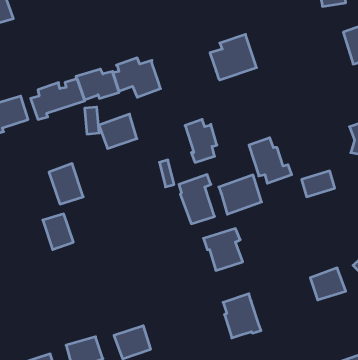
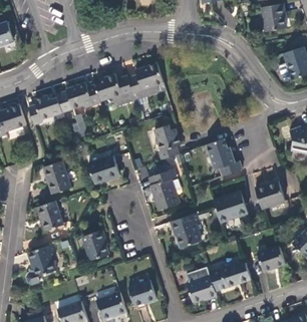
building: [210,34,257,80] -> [127,63,166,100]
building: [99,114,137,148] -> [88,155,119,184]
building: [219,175,262,214] -> [213,192,248,224]
building: none -> [255,183,285,210]
building: none -> [83,231,109,261]
building: none -> [22,245,56,285]
building: none -> [209,261,251,292]
building: none -> [128,280,157,307]

